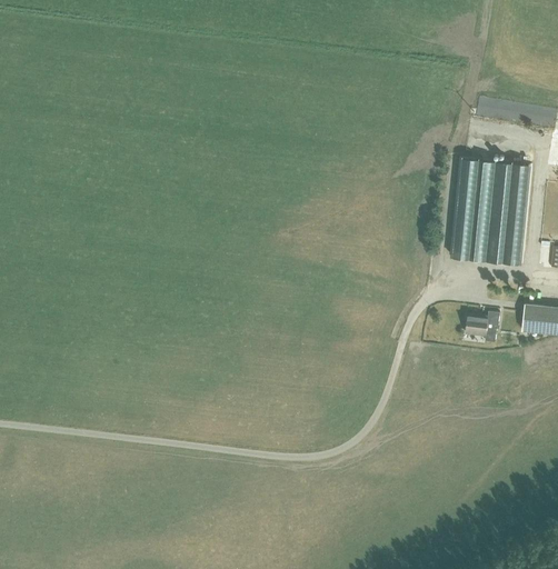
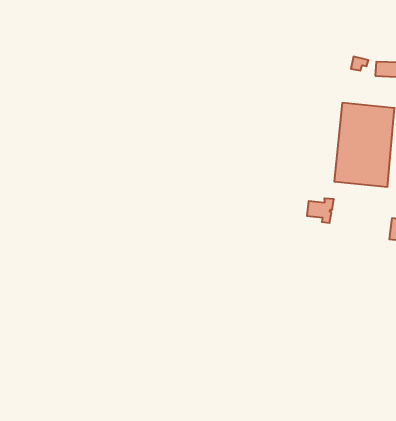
building: [467,310,501,341] -> [307,198,334,223]

